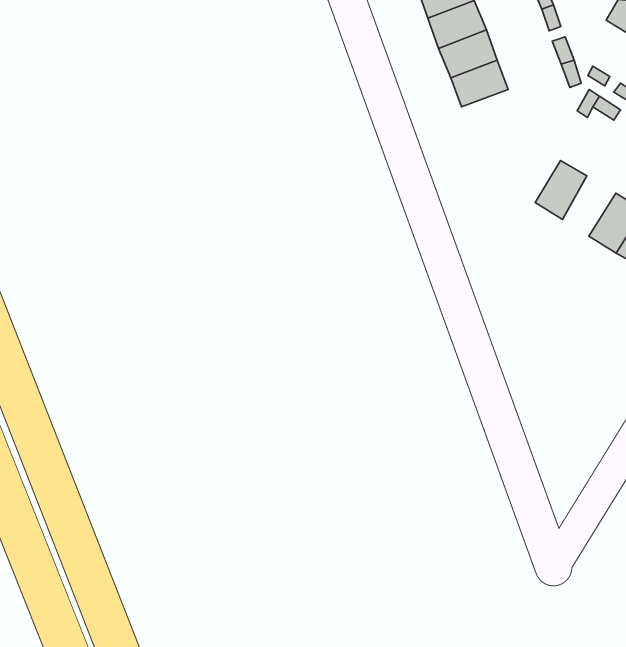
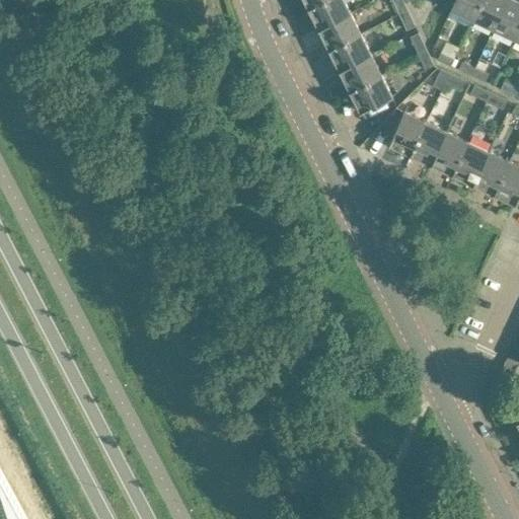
building: none -> [348,74,391,112]
building: none -> [387,112,424,154]
building: none -> [430,131,466,174]

